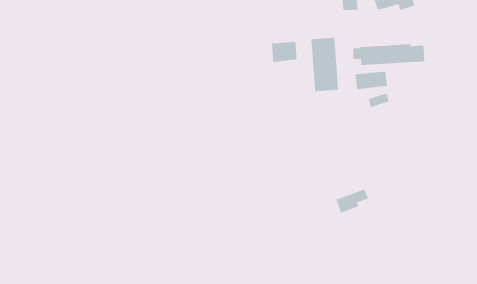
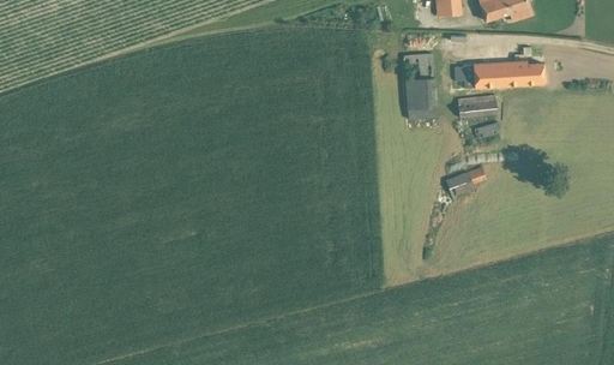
building: [271,41,297,63] -> none
building: [335,189,369,213] -> [445,167,486,197]

